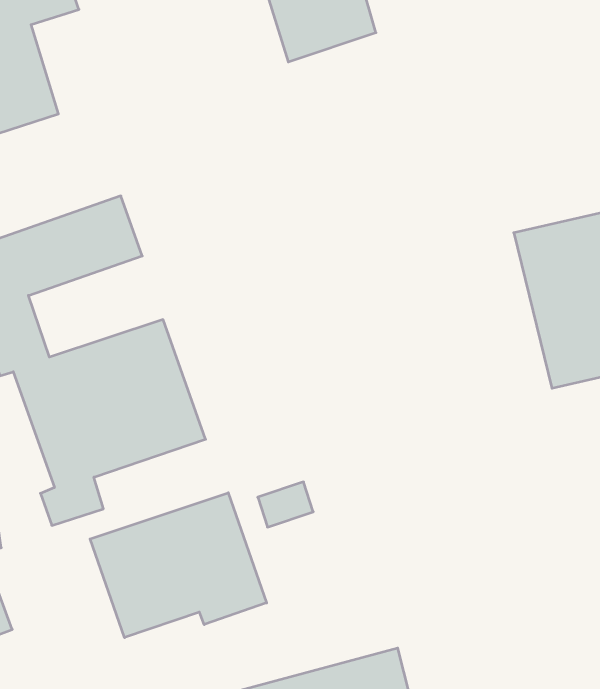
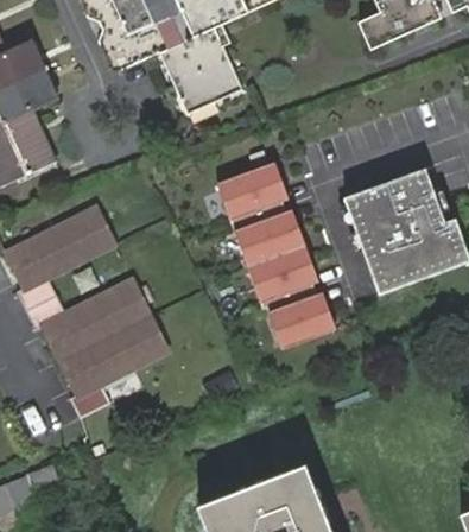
building: none -> [223,163,337,355]
building: [90,493,267,638] -> none

